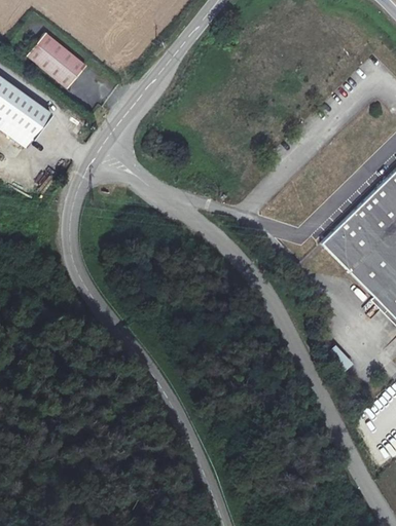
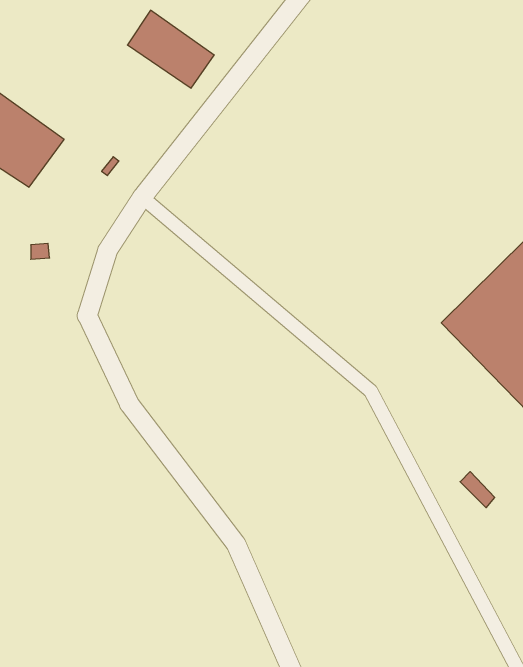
building: [28,26,89,81] -> [127,10,214,88]

